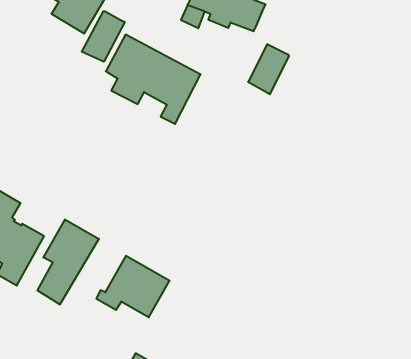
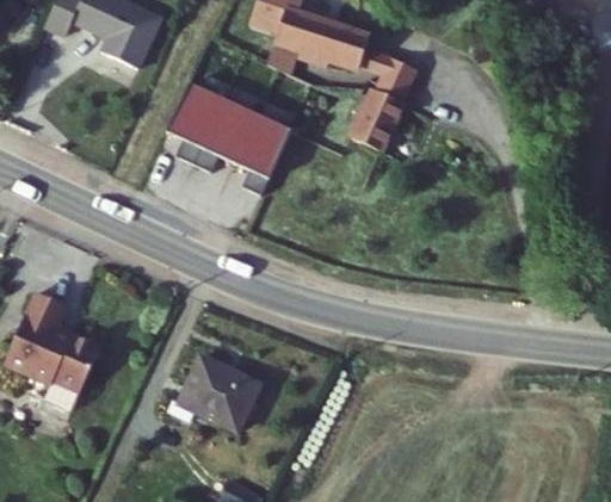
building: [82,11,125,62] -> none
building: none -> [358,42,414,94]
building: [37,219,99,305] -> none

